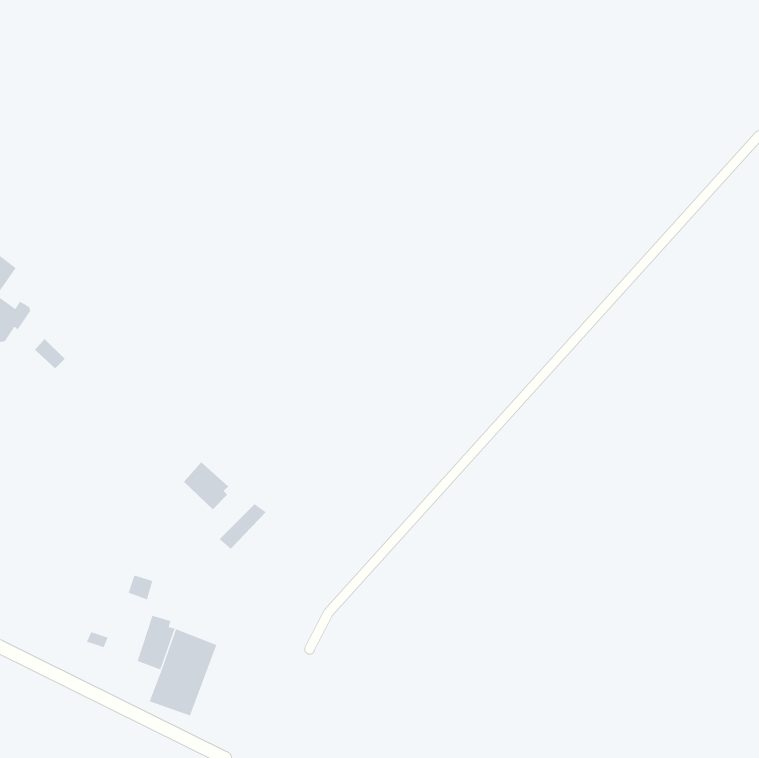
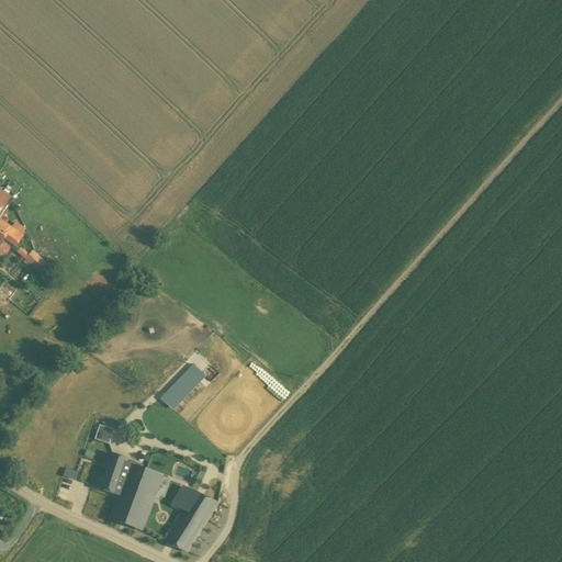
building: [183,462,229,510] -> none
building: none -> [164,491,217,550]

